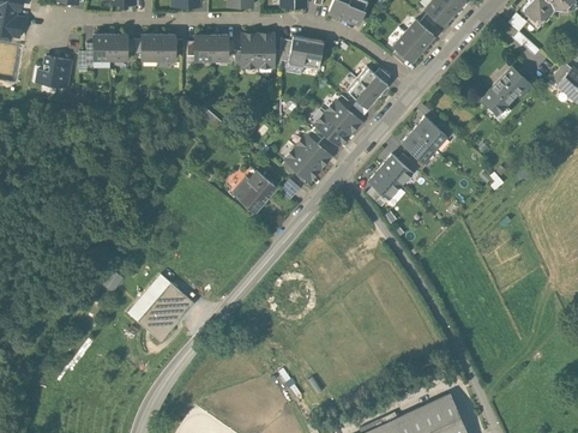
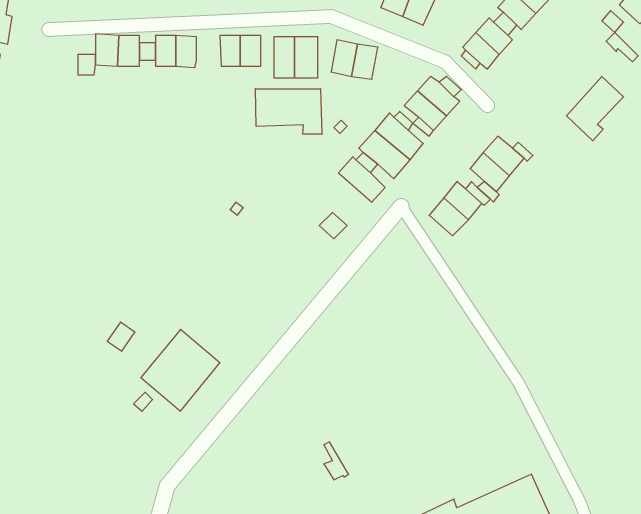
building: [37,55,73,86] -> none
building: none -> [255,89,322,134]
building: [281,146,320,184] -> none
building: [231,170,273,212] -> none

